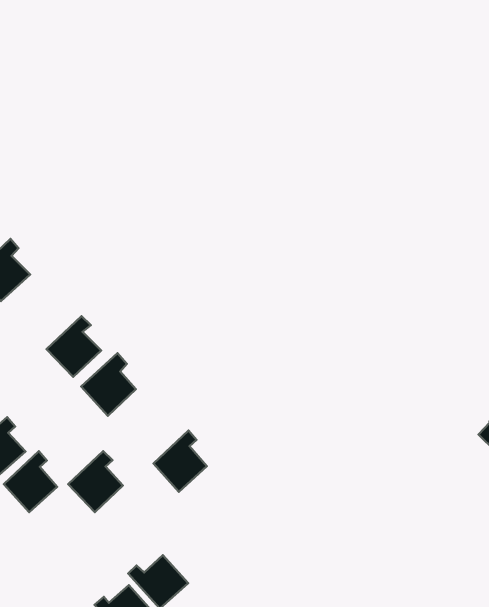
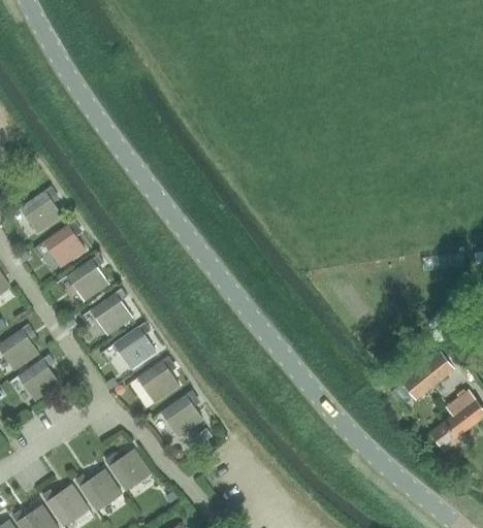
building: none -> [43,222,86,268]
building: [68,451,123,512] -> [112,322,155,368]
building: none -> [159,390,202,437]

